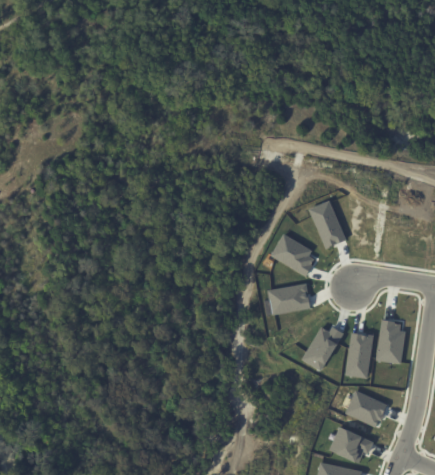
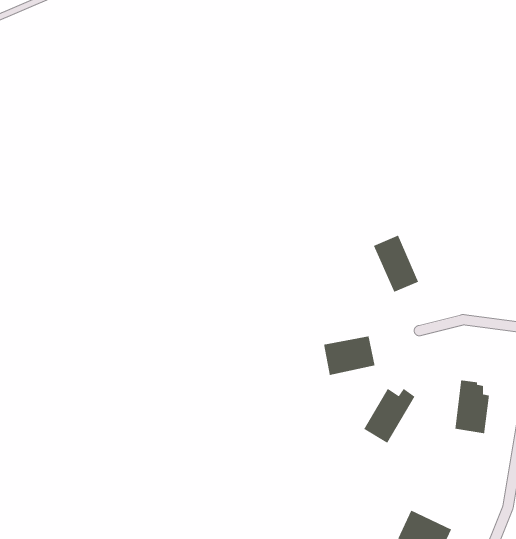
building: [271,234,315,275] -> none
building: [345,332,374,379] -> none
building: [345,389,388,427] -> none

